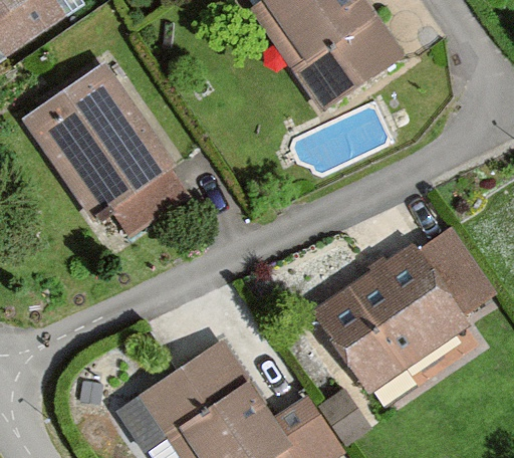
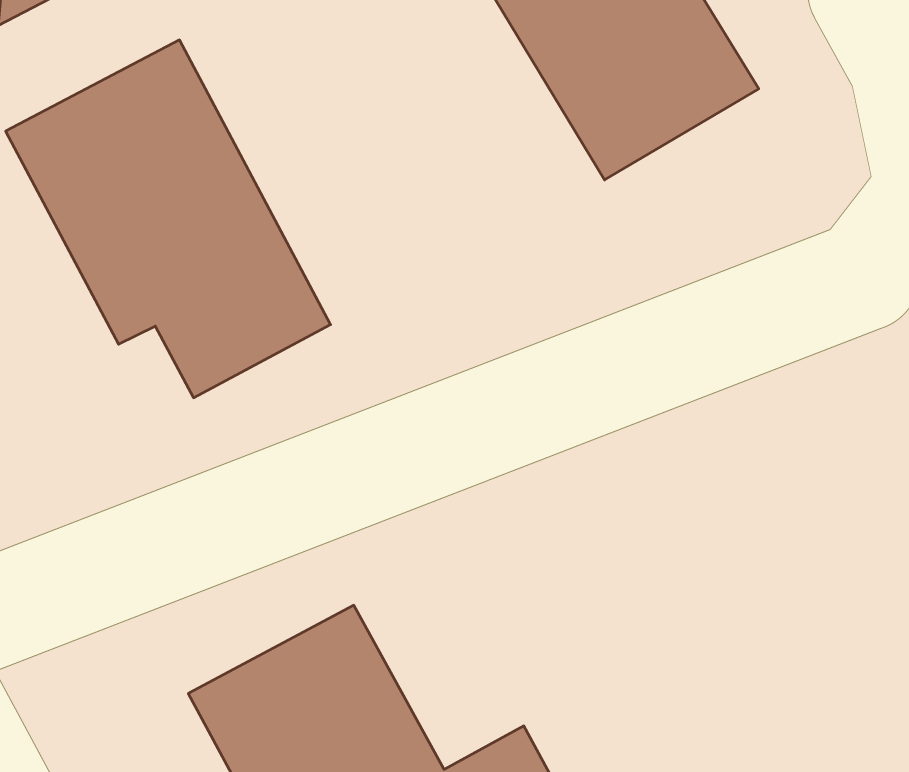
building: [315,224,496,387] -> none

